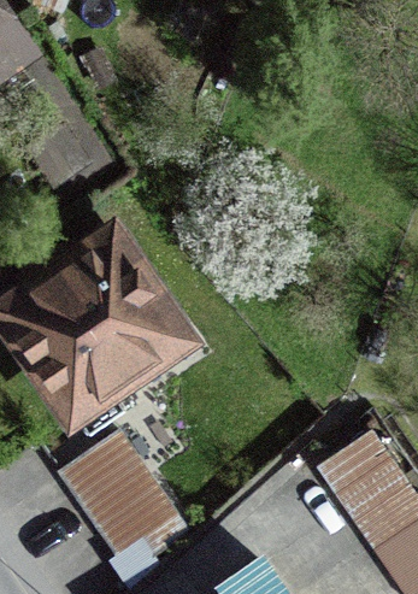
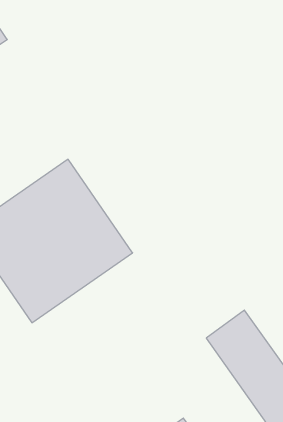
building: [51,434,165,555] -> none

